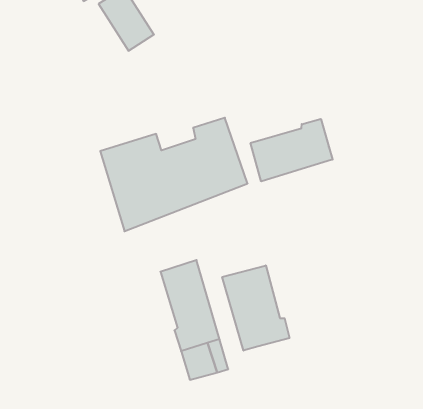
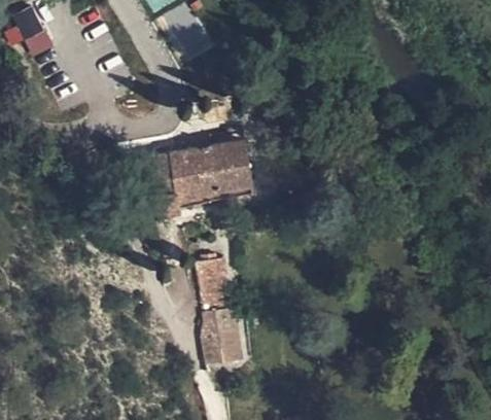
building: [251,119,333,181] -> none
building: [222,265,289,351] -> none

